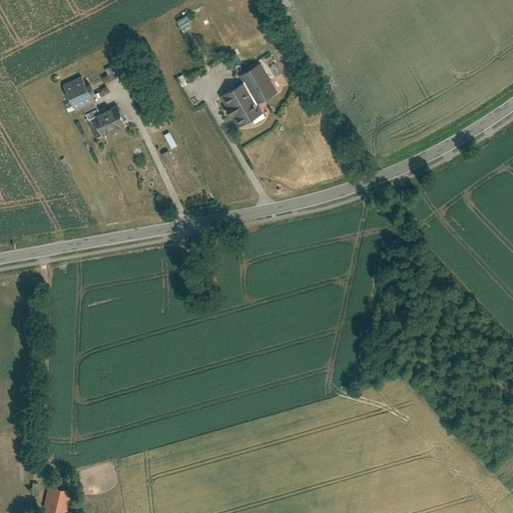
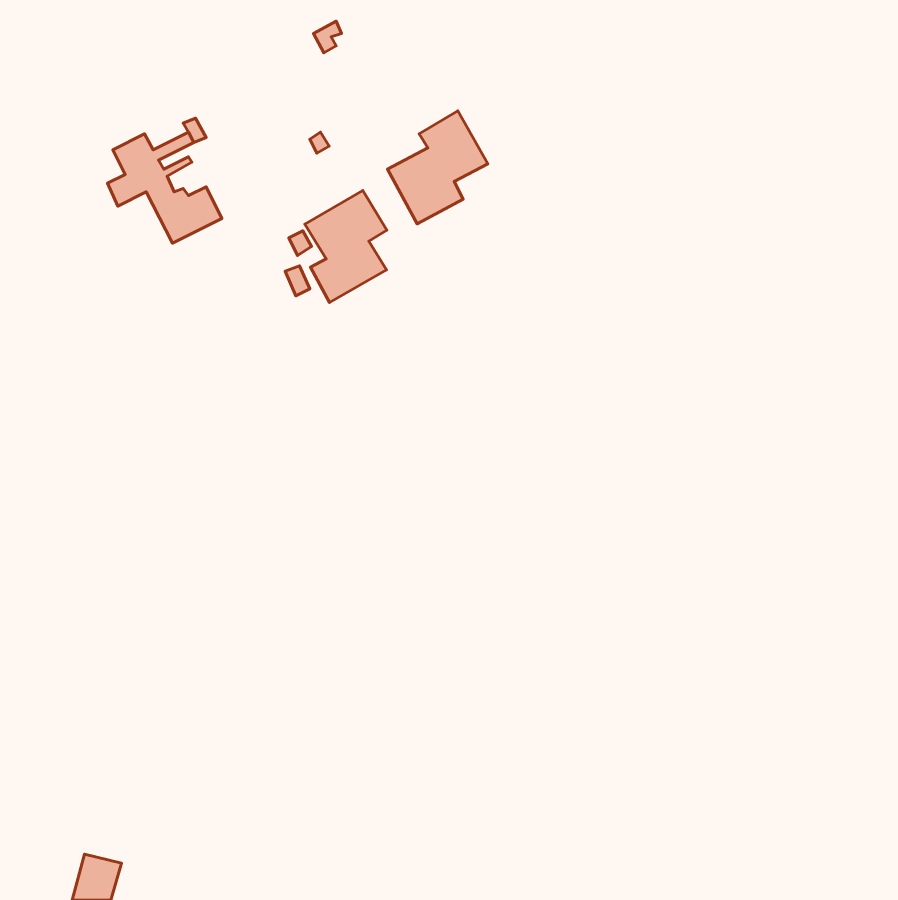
building: none -> [305,190,387,302]

